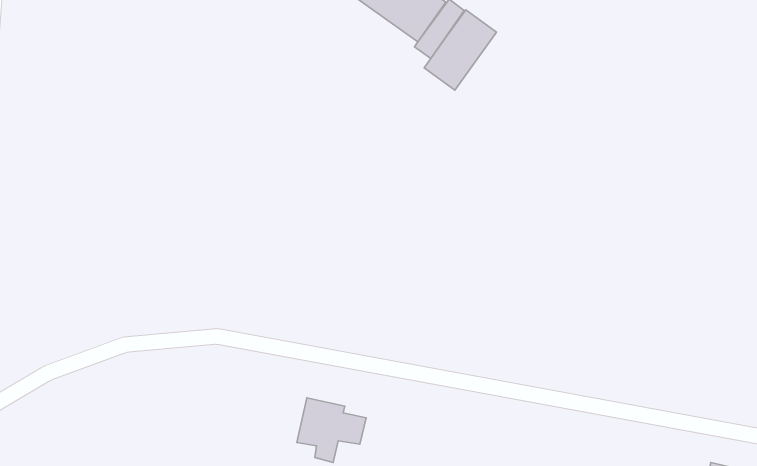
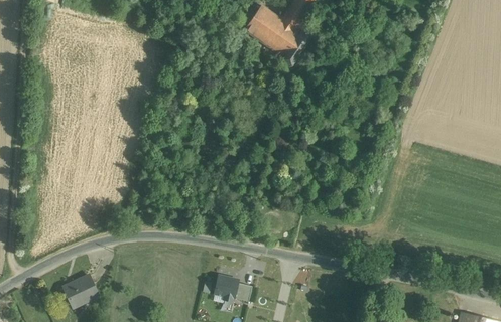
building: [424,10,497,90] -> none
building: none -> [65,275,99,308]

